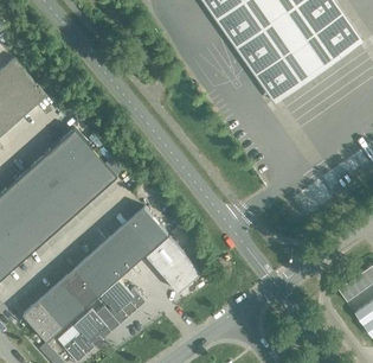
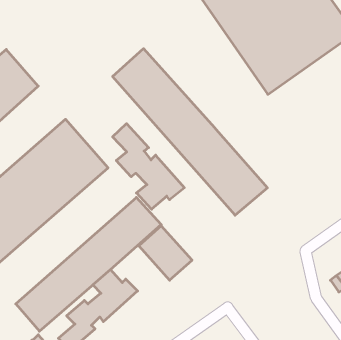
building: none -> [113,49,267,215]
building: none -> [113,124,184,209]

